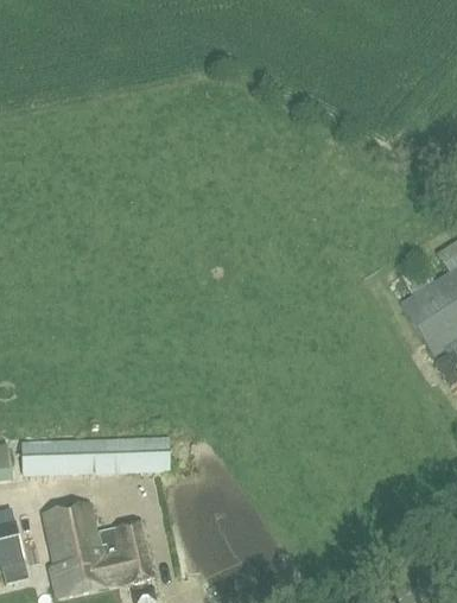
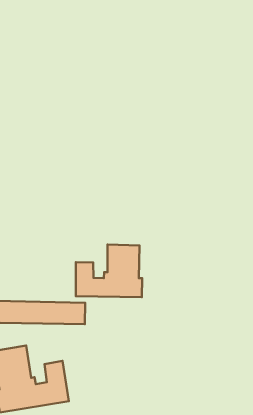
building: none -> [76,245,142,297]

